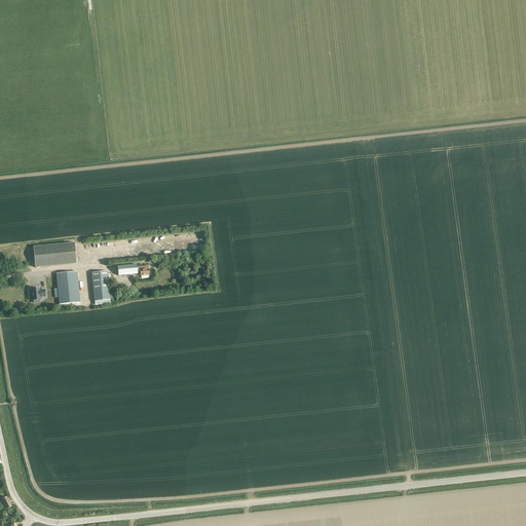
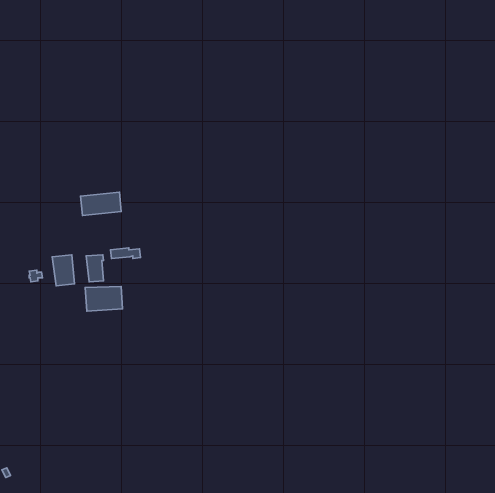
building: [32,241,75,266] -> [81,192,121,215]
building: none -> [85,286,122,311]

